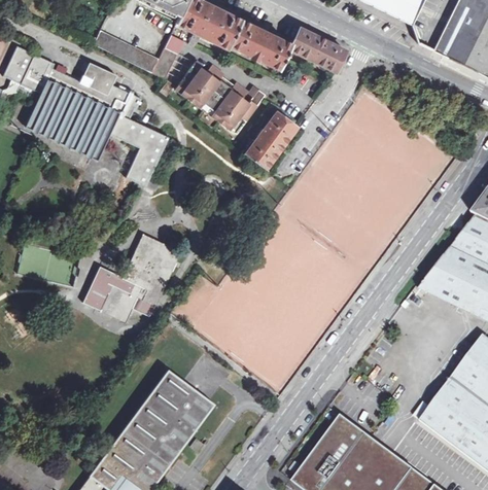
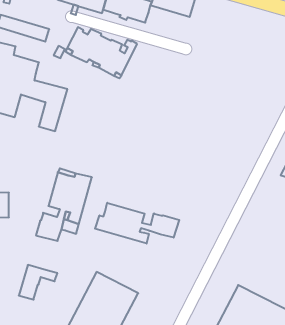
building: [151,36,182,80] -> none
building: [245,112,297,169] -> none
building: [82,268,135,312] -> [19,265,57,300]
building: none -> [95,203,179,244]

